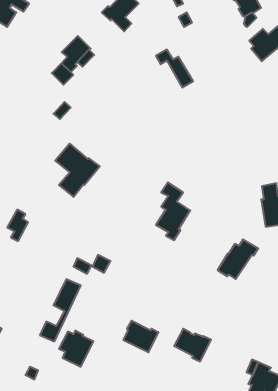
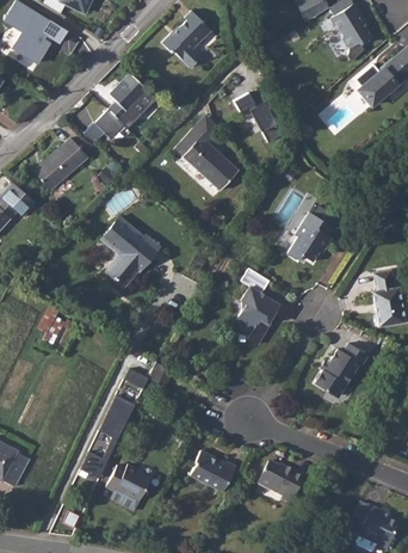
building: none -> [177,127,239,190]
building: none -> [33,139,88,191]
building: none -> [288,213,334,262]

